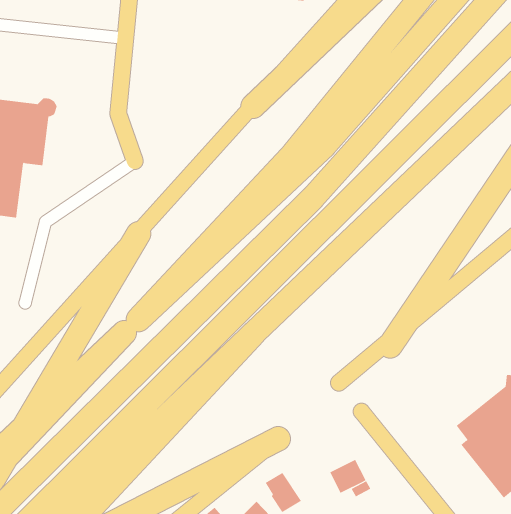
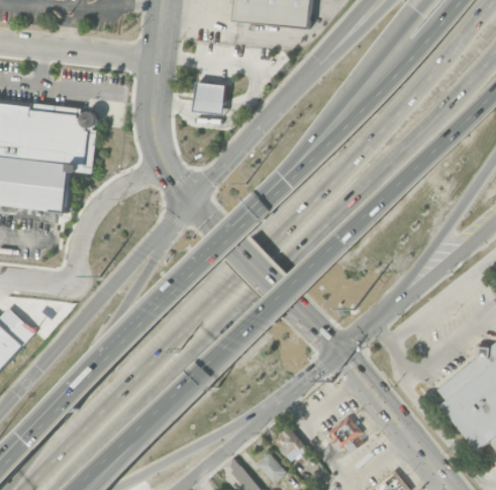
building: none -> [193,82,225,114]

